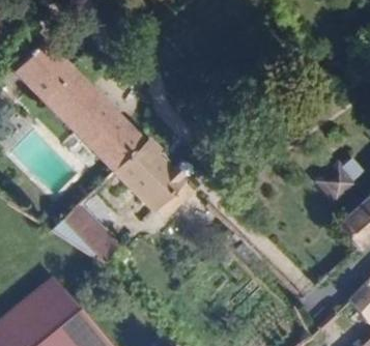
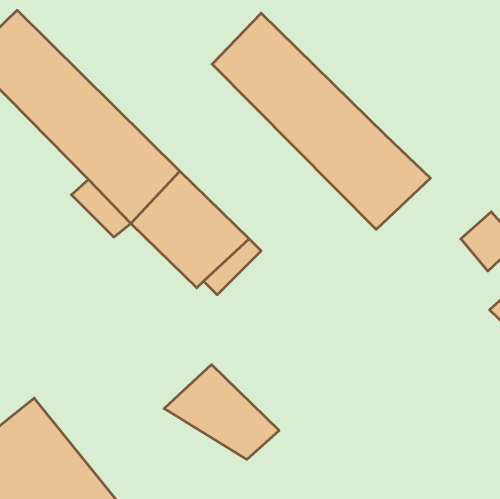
building: none -> [212,13,430,229]
building: [52,203,122,261] -> [164,365,279,459]

